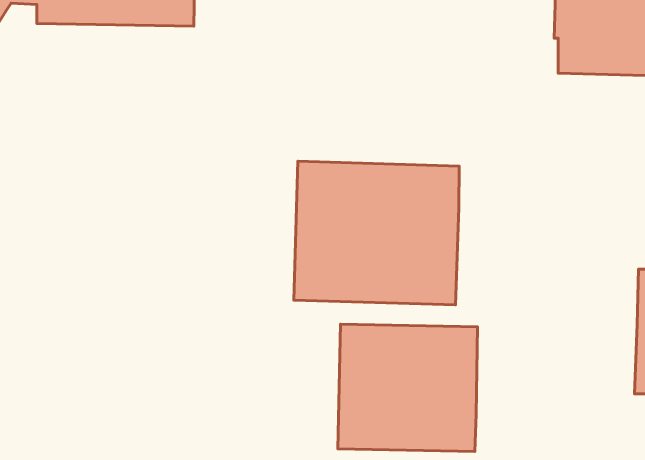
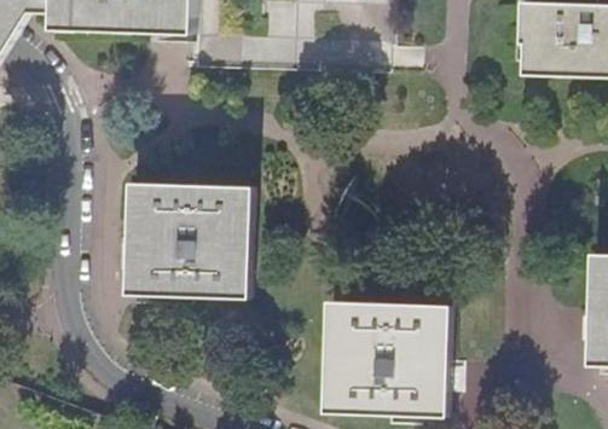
building: [294,161,459,305] -> none
building: none -> [126,181,249,297]

